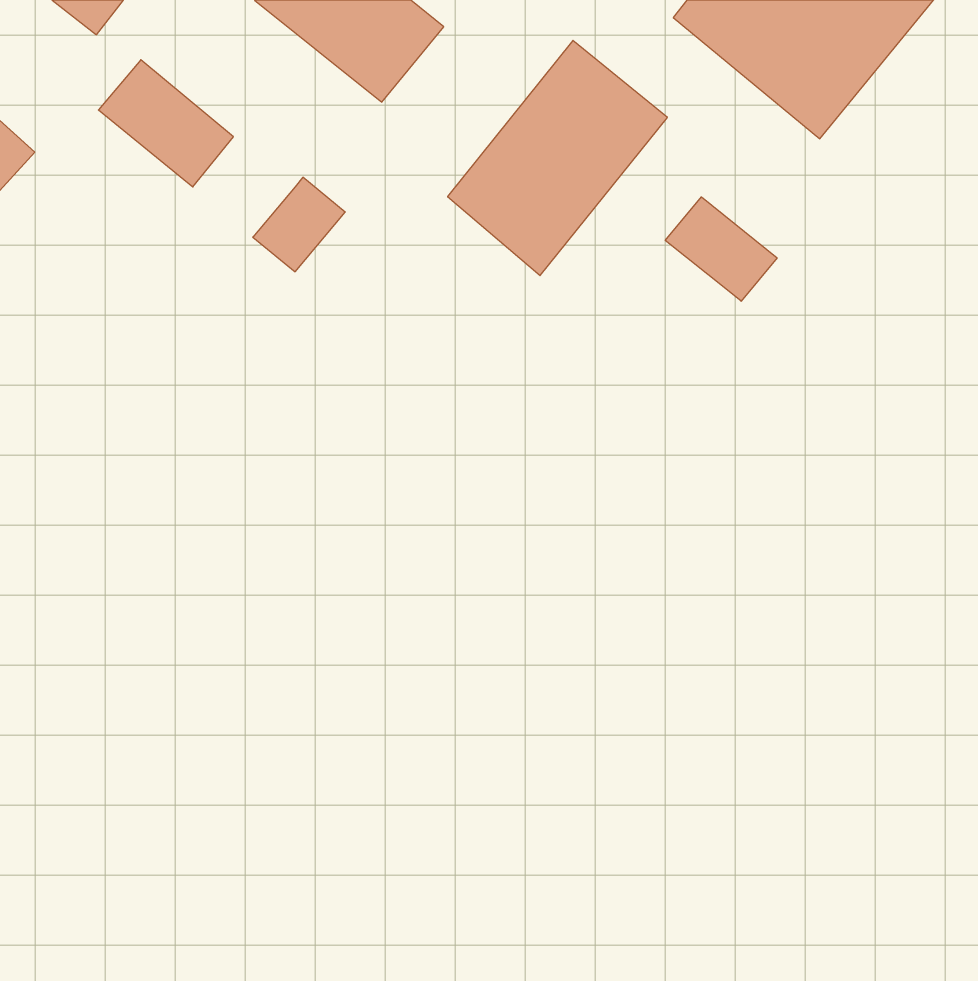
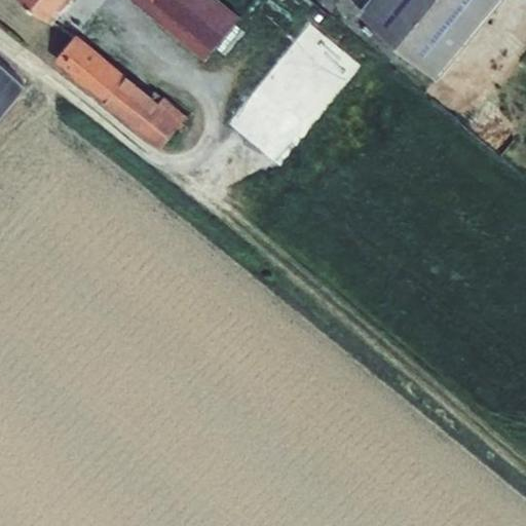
building: none -> [103,75,157,128]
building: [665,197,777,301] -> none

